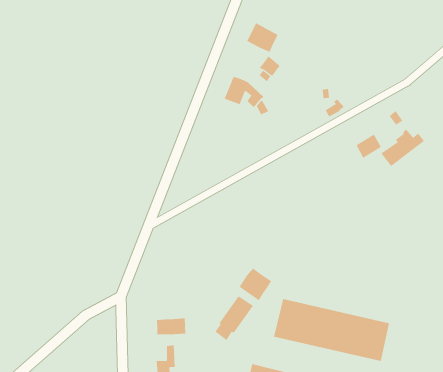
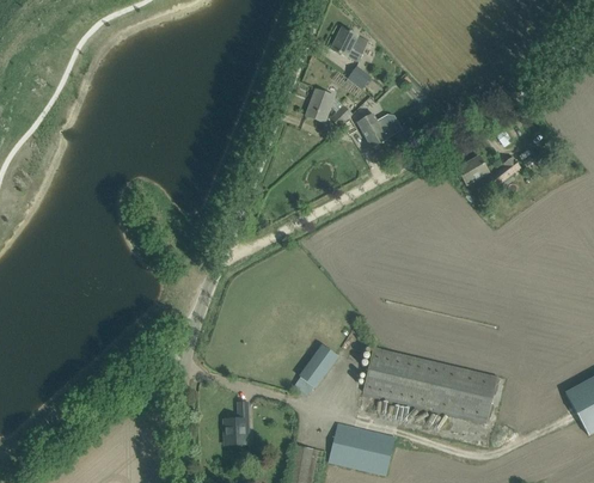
building: none -> [357,112,399,147]
building: [239,267,272,301] -> none
building: [157,318,186,335] -> none

